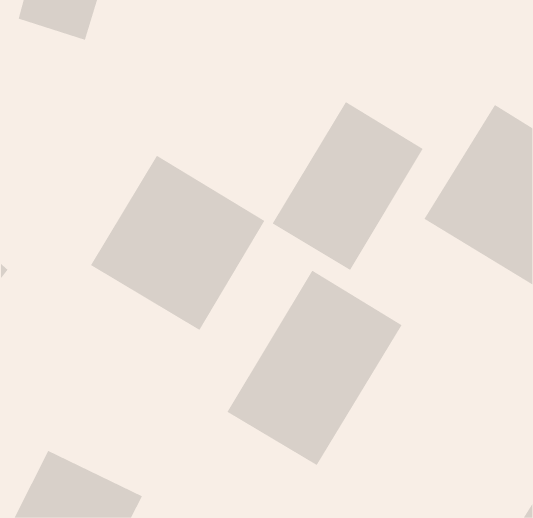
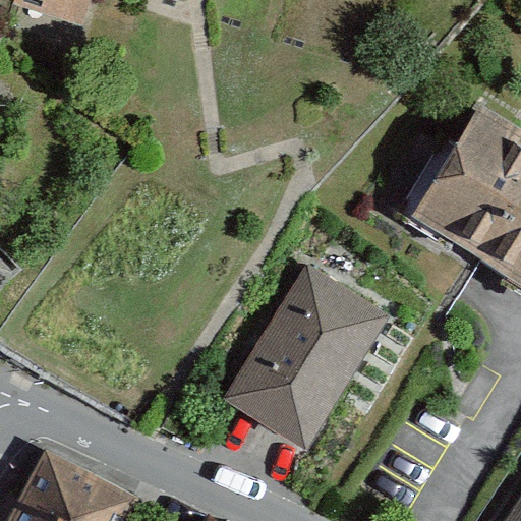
building: [272,101,423,271] -> none
building: [90,155,265,331] -> none

